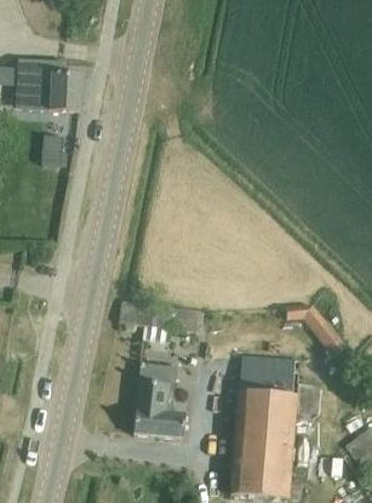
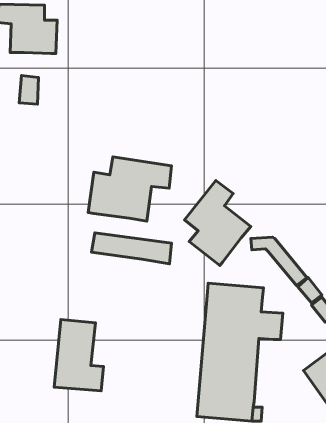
building: none -> [88,157,172,221]
building: none -> [185,181,251,266]
building: [131,361,183,436] -> [54,320,103,391]

